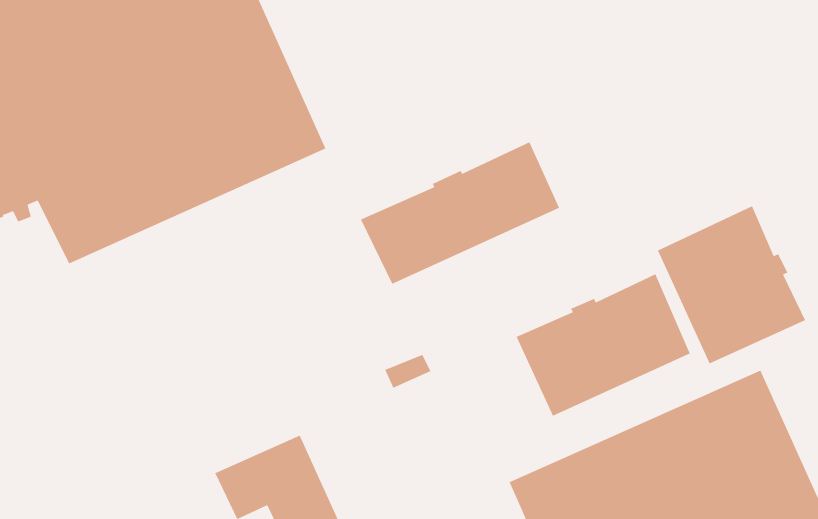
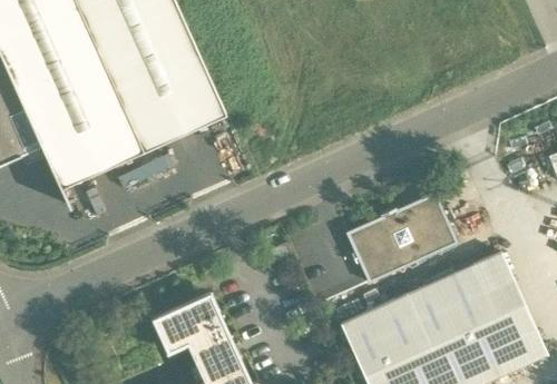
building: [360,141,560,285] -> none
building: [657,205,806,365] -> none

